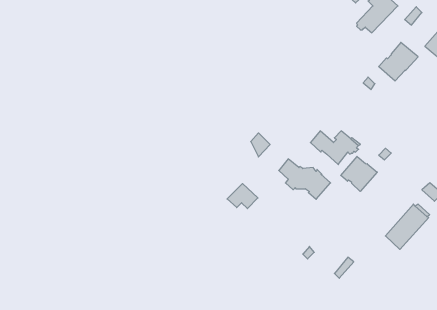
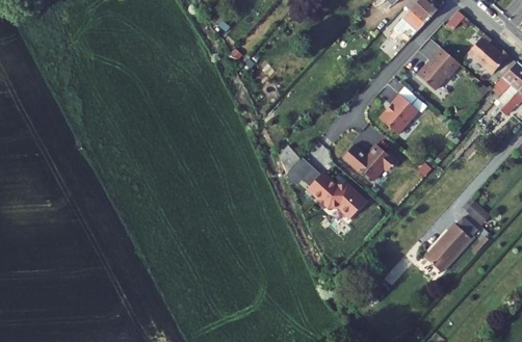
building: none -> [379,91,416,131]
building: [341,156,377,191] -> none
building: [227,184,258,209] -> [285,159,318,186]

